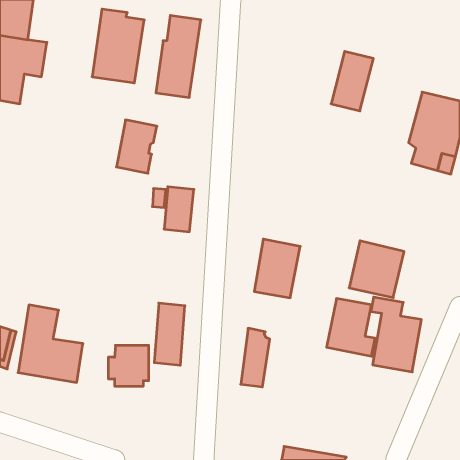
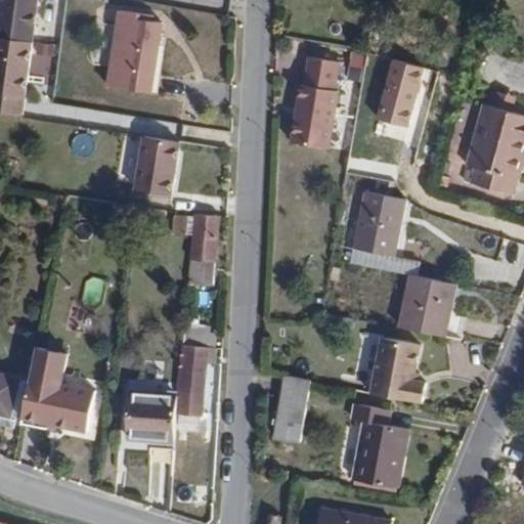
building: [156,15,201,97] -> [291,56,342,149]
building: [254,239,300,298] -> [352,191,404,258]
building: [371,297,421,372] -> [350,403,407,488]

